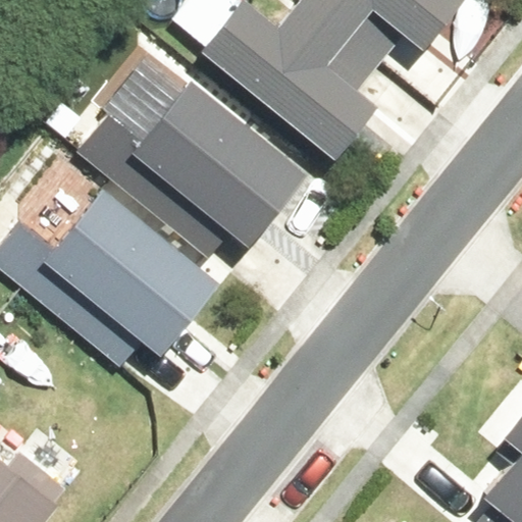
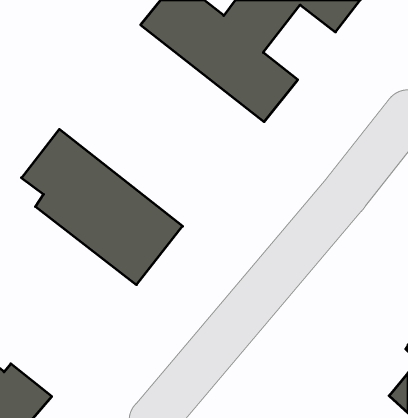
building: [104,59,312,251] -> none

